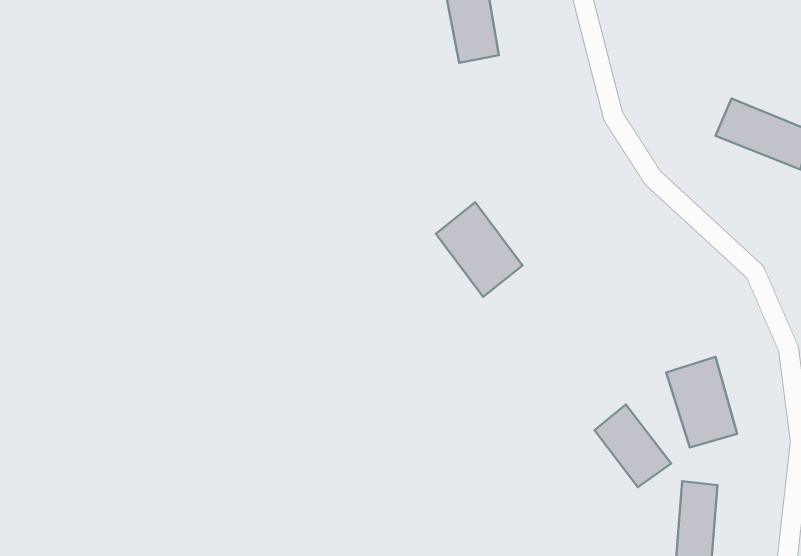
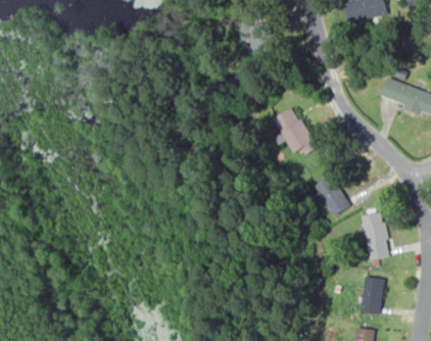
building: [436,202,522,297] -> [271,107,316,156]
building: [594,404,671,487] -> [313,174,352,216]

